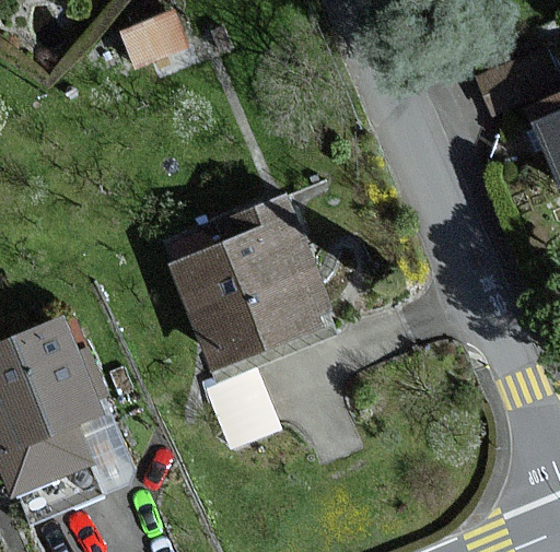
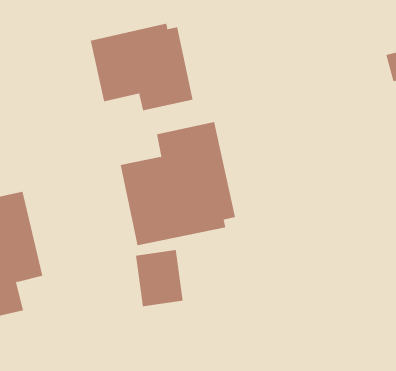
building: none -> [90,23,193,111]

